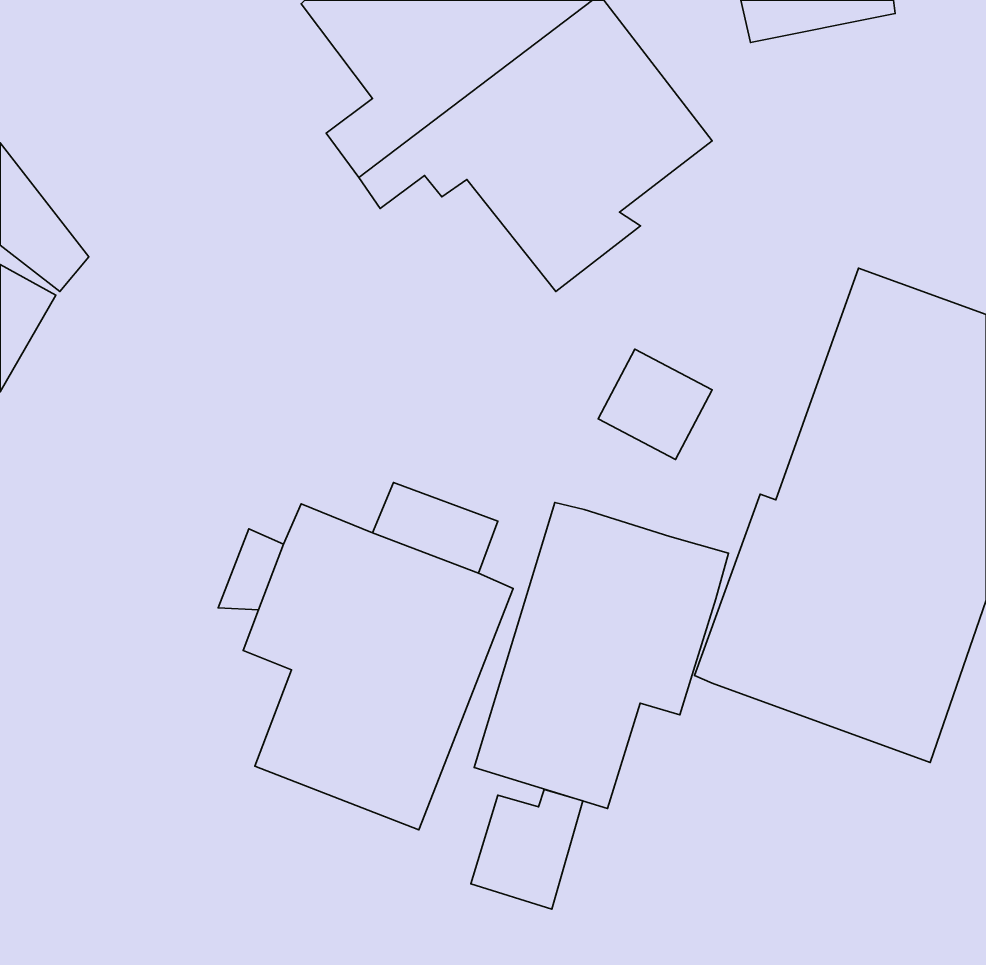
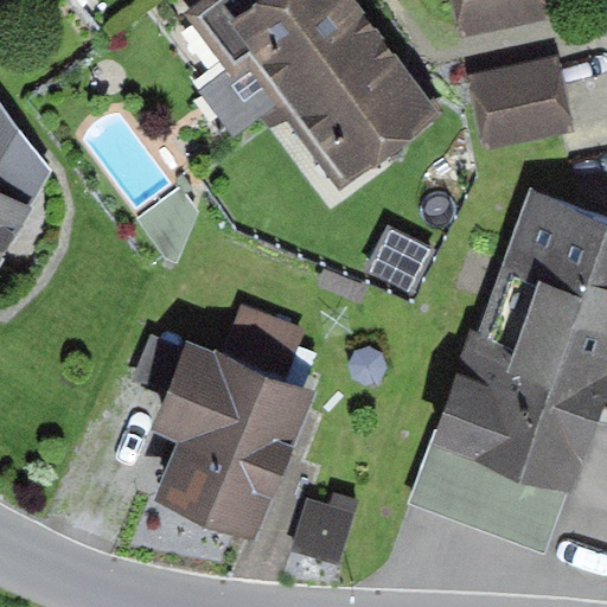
building: none -> [469,60,575,153]
building: [474,502,729,809] -> none
building: none -> [411,433,571,554]

